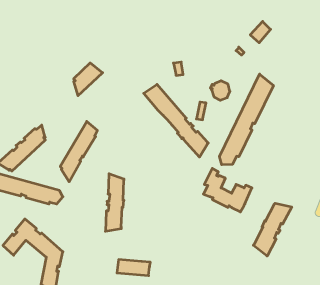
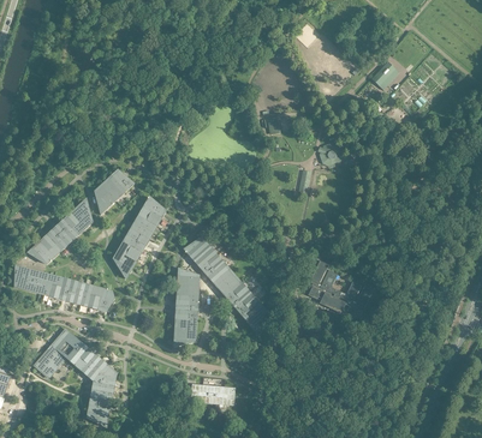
building: [74,63,103,96] -> [94,169,133,214]
building: [219,74,273,165] -> none
building: [144,84,208,157] -> [183,236,270,335]
building: [253,203,292,256] -> none

